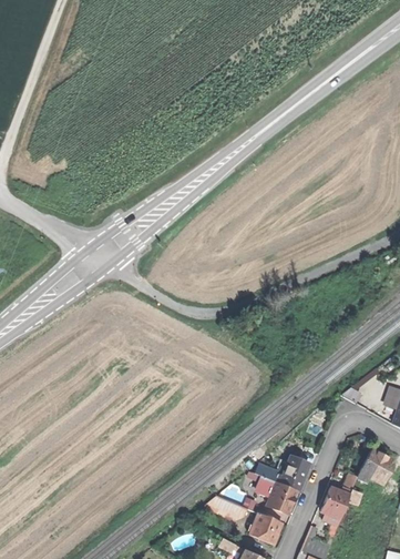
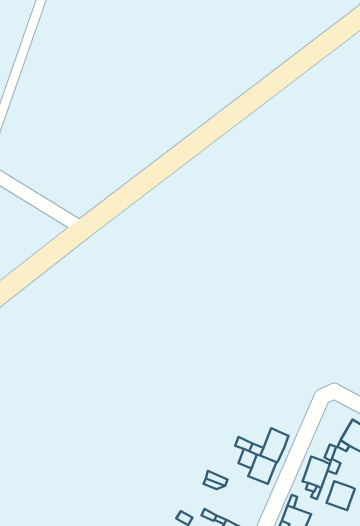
building: none -> [327,481,355,510]
building: [248,514,280,545] -> none

